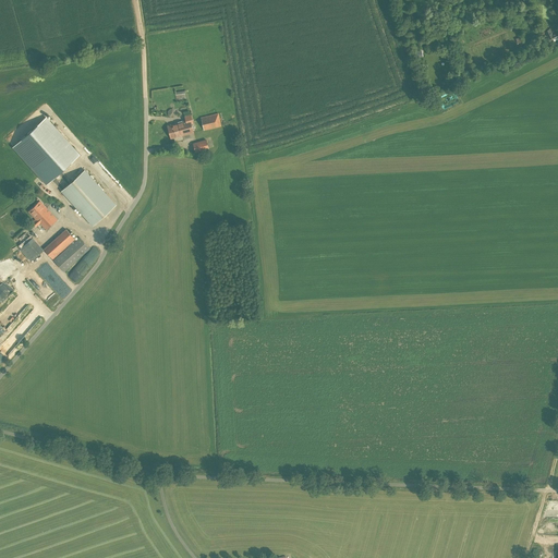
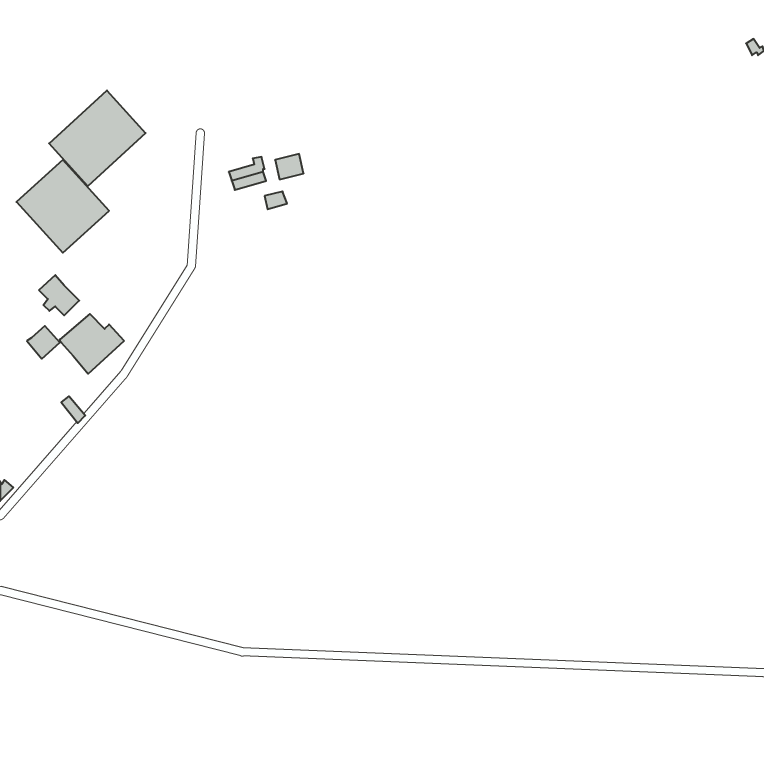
building: none -> [49,90,146,186]
building: [61,170,114,223] -> none

